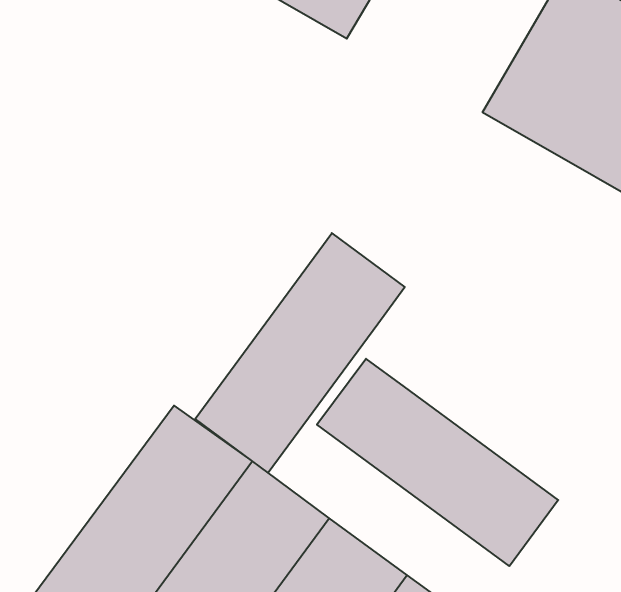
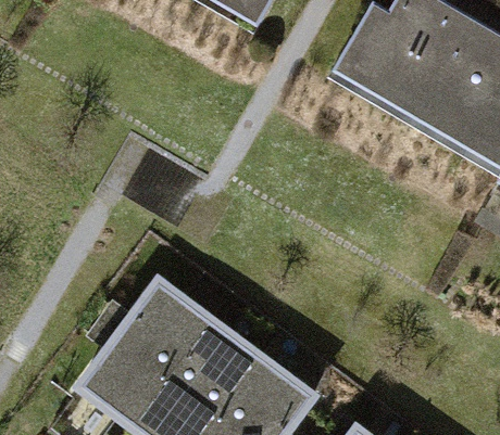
building: [195,233,405,473] -> none
building: [317,359,558,566] -> none

